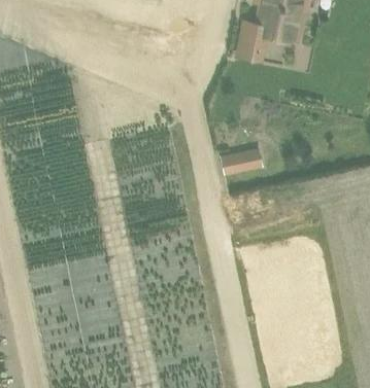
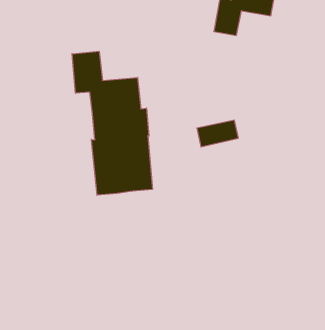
building: none -> [72,51,152,195]

